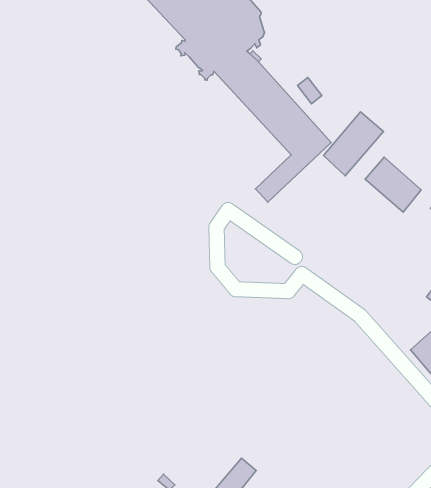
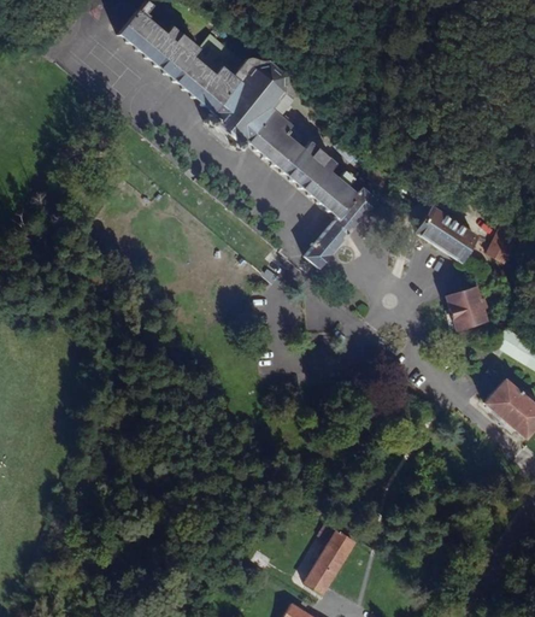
building: [323,112,383,176] -> none
building: none -> [447,286,487,329]

